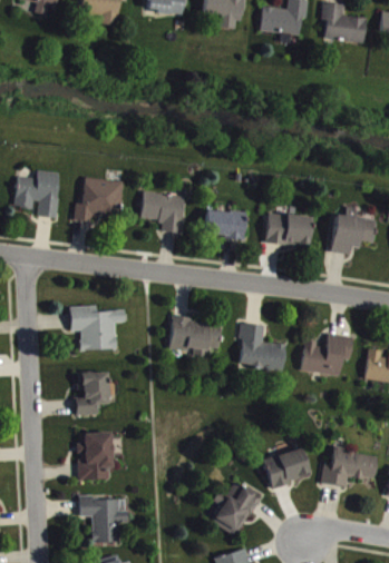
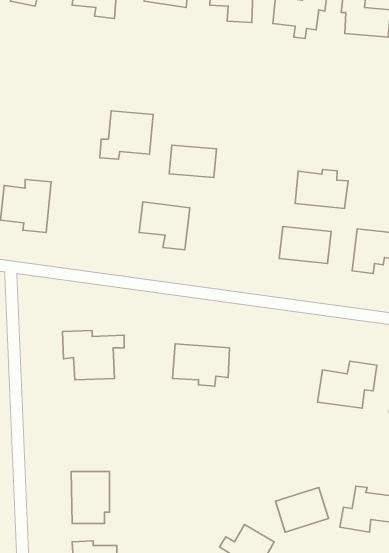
building: none -> [295,170,348,208]
building: [75,177,123,220] -> [100,111,153,159]
building: [204,208,246,237] -> [169,145,216,177]
building: [239,323,285,369] -> none
building: [76,371,109,415] -> none

